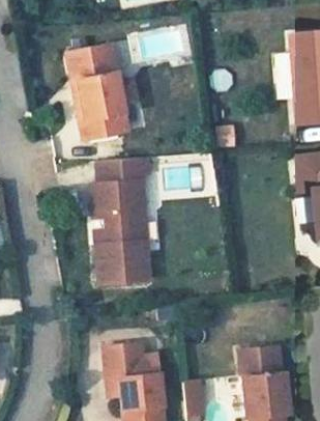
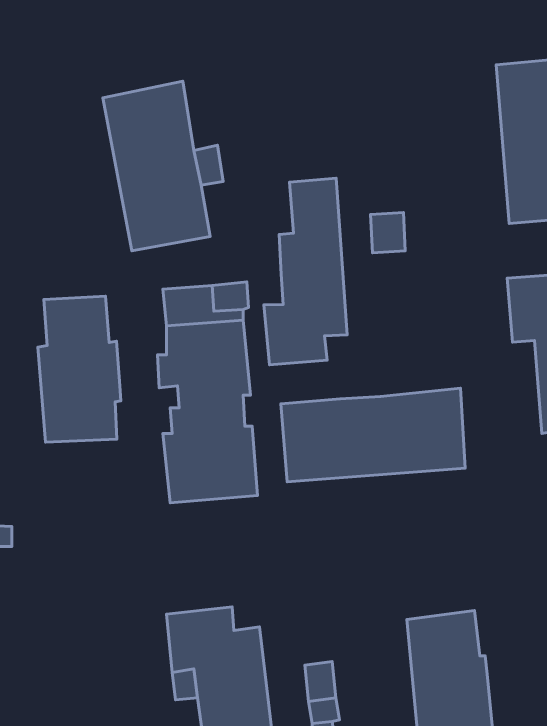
building: none -> [264,178,347,365]
building: none -> [38,296,121,442]
building: none -> [281,388,465,482]

